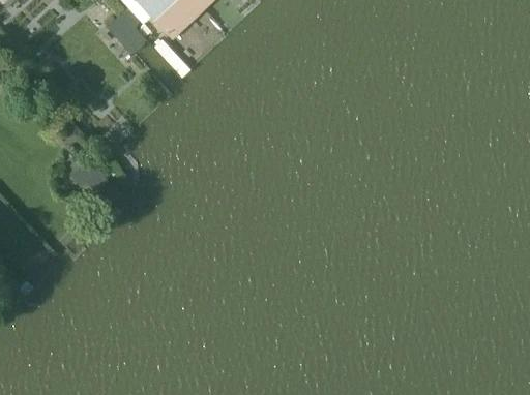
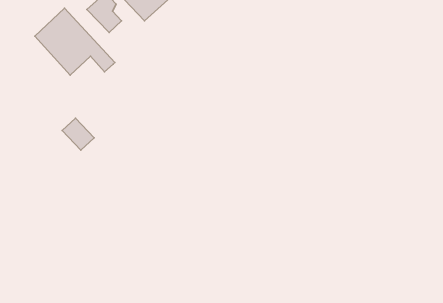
building: none -> [35,8,115,75]

